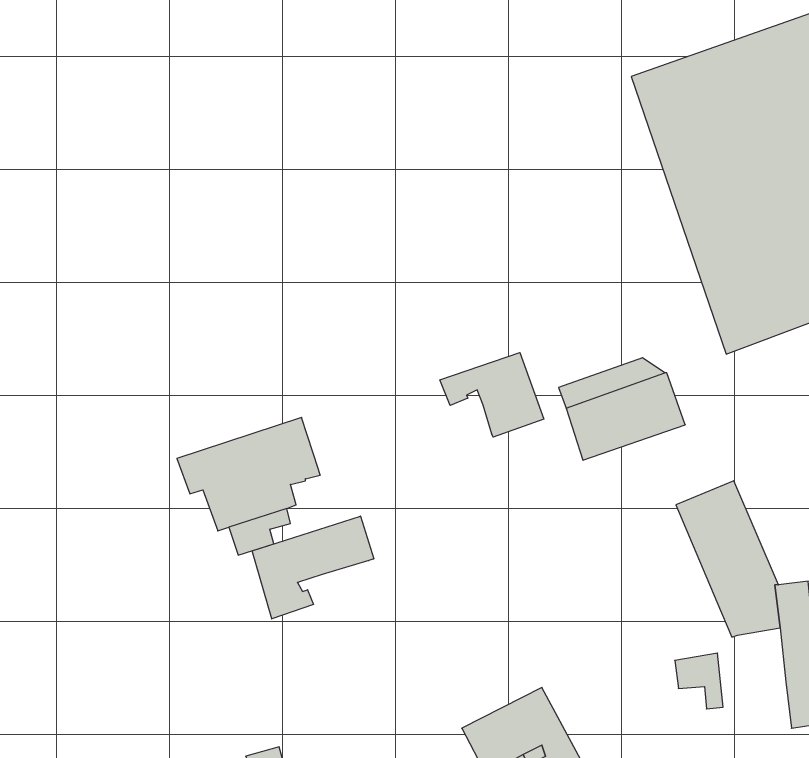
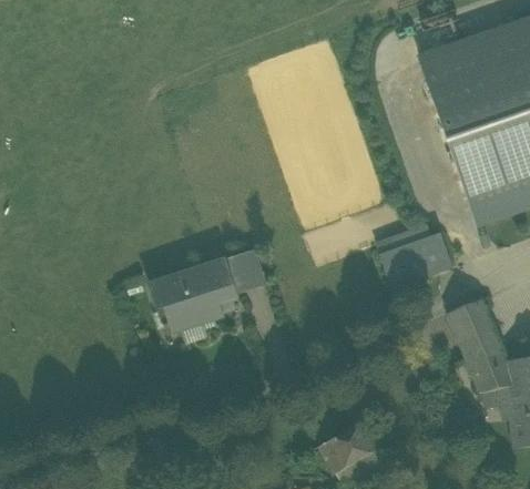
building: [440,353,544,437] -> none
building: none -> [223,252,262,292]
building: [252,516,374,619] -> none
building: [675,653,723,709] -> [482,386,511,419]

